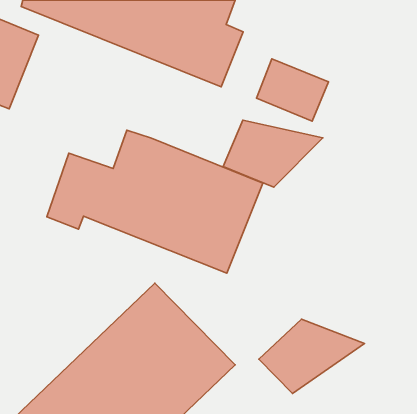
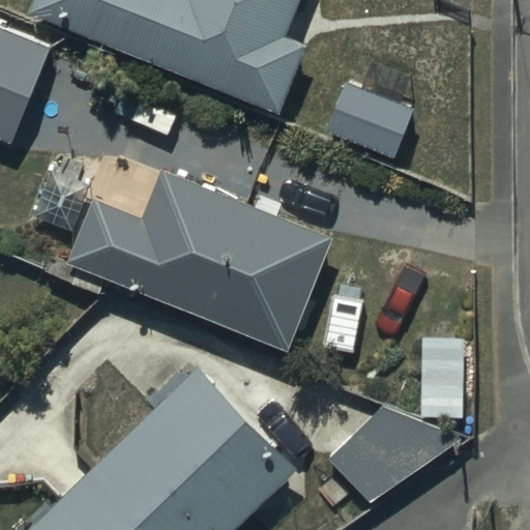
building: [223,120,323,187] -> none

